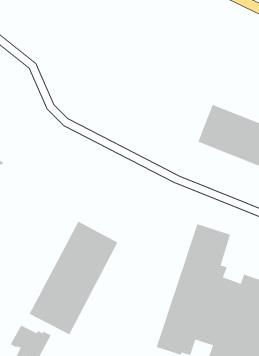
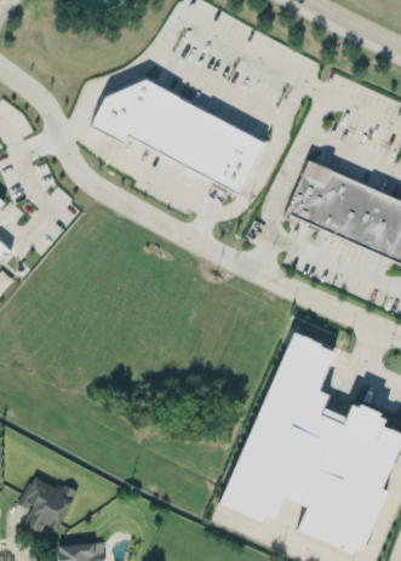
building: none -> [91,74,264,189]
building: [29,221,118,335] -> none

